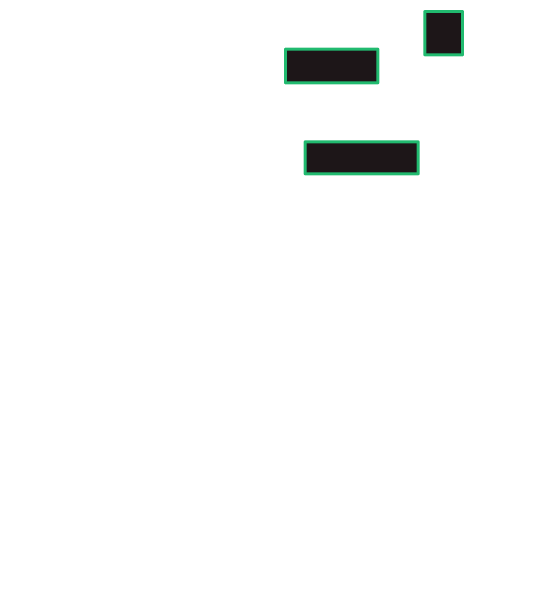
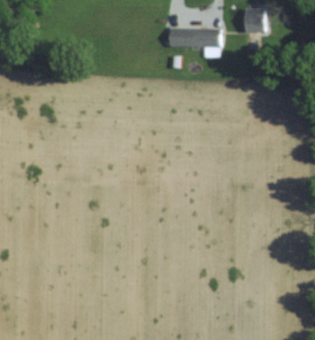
building: [305,142,418,174] -> none

